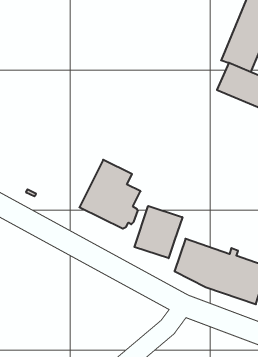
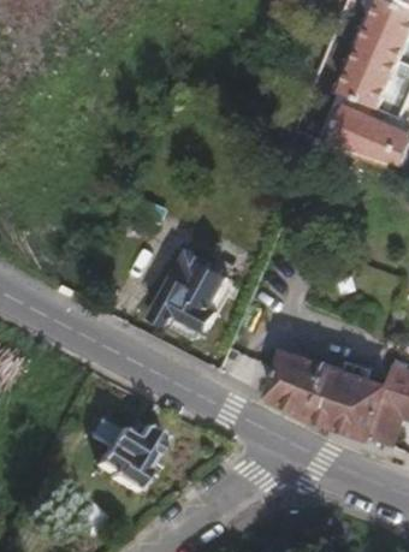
building: [134,206,182,258] -> none
building: none -> [89,417,161,489]

